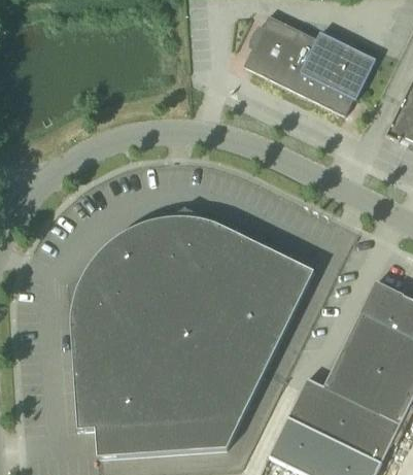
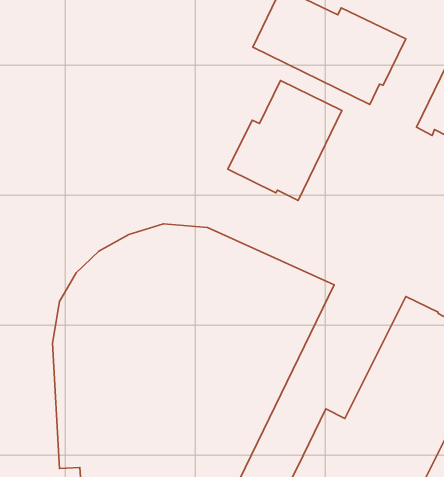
building: none -> [228,80,342,201]

